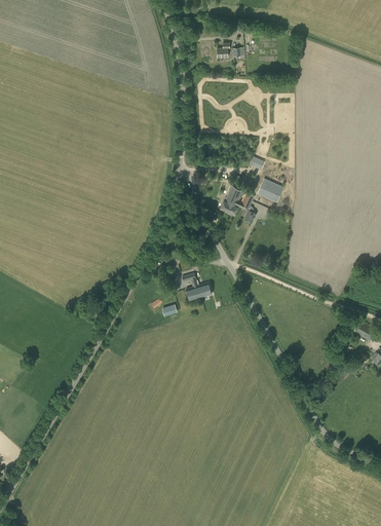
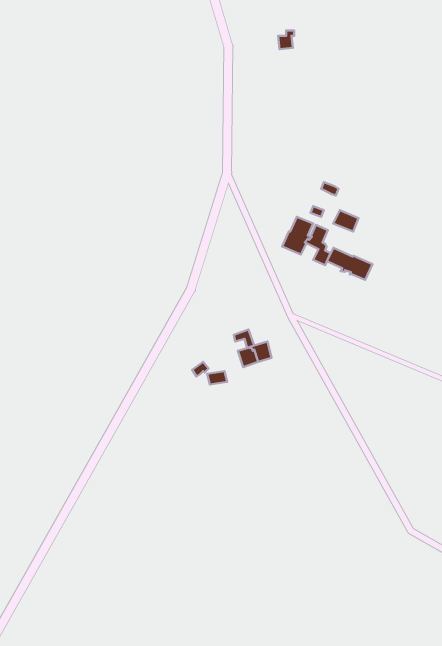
building: none -> [327,248,373,280]

